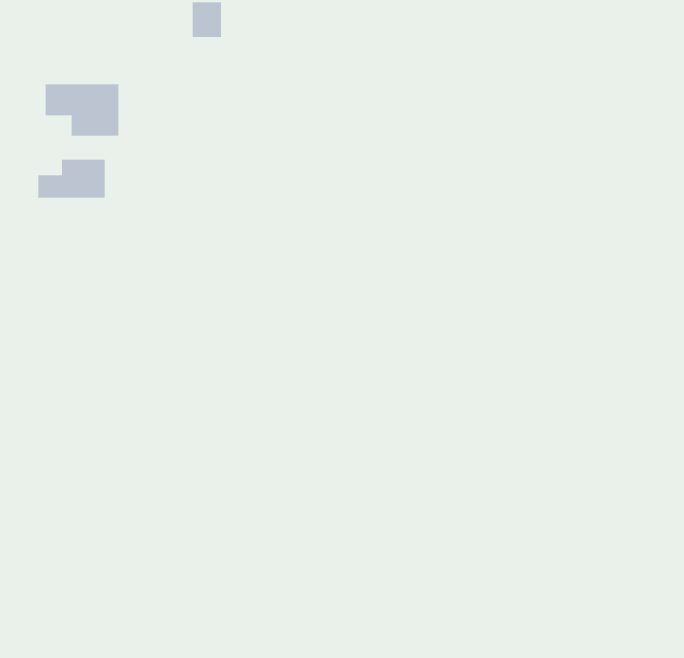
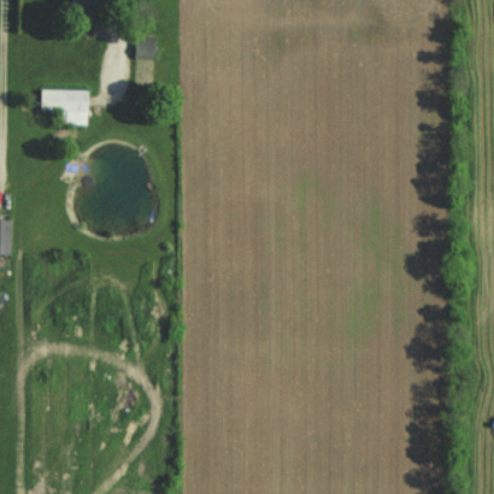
building: [38,159,105,199] -> none

